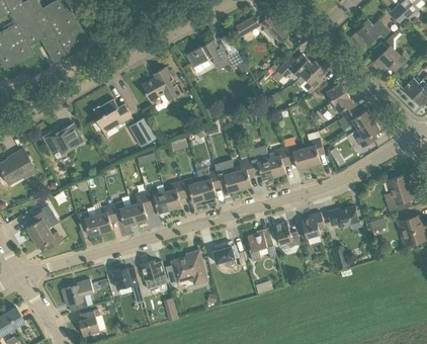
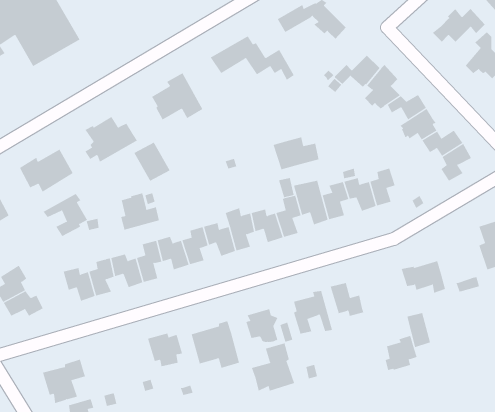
building: none -> [273,136,319,170]
building: none -> [121,193,160,231]
building: none -> [43,193,88,237]
building: [301,212,325,239] -> [385,335,418,371]
building: none -> [251,342,295,391]
building: [111,268,139,290] -> none

